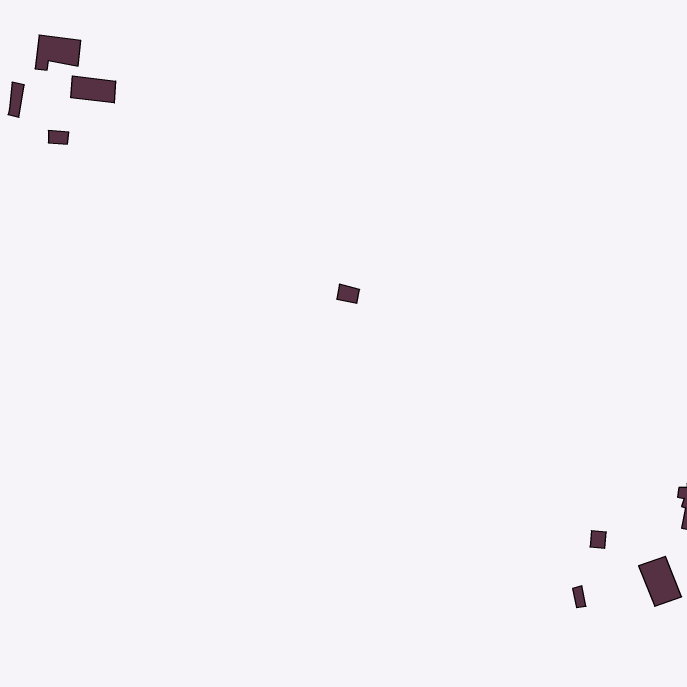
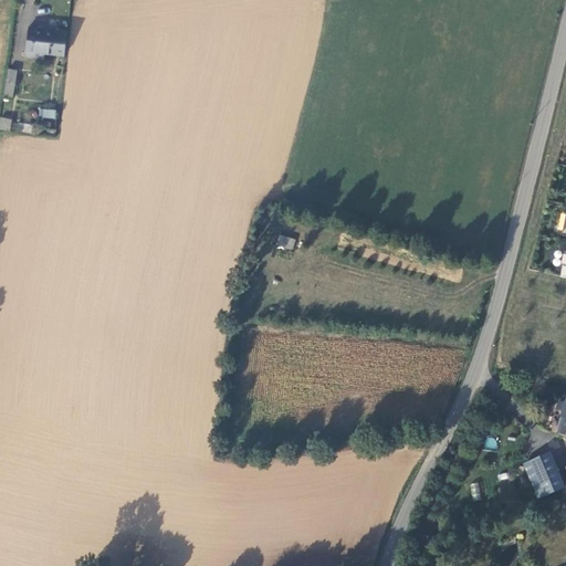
building: [71,76,116,103] -> none

